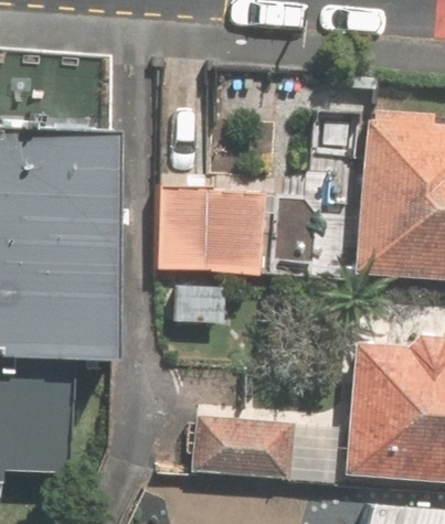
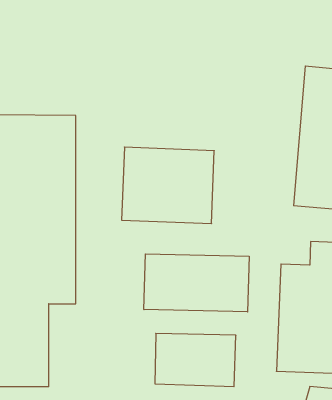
building: none -> [144,254,249,312]

